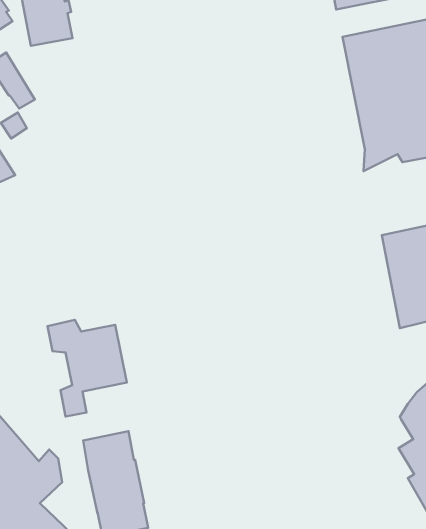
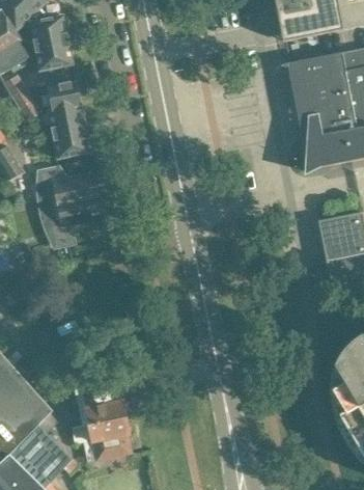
building: none -> [48,81,90,158]
building: [47,320,127,416] -> [40,168,104,245]

